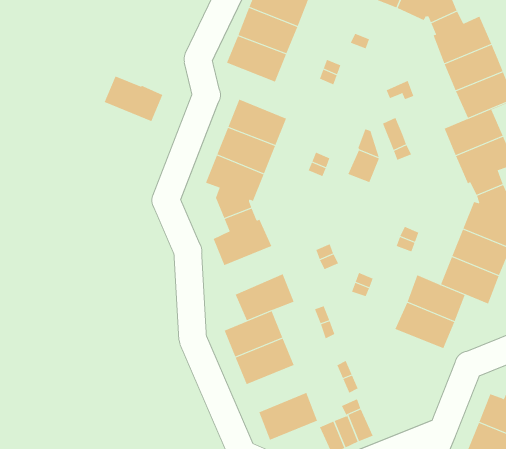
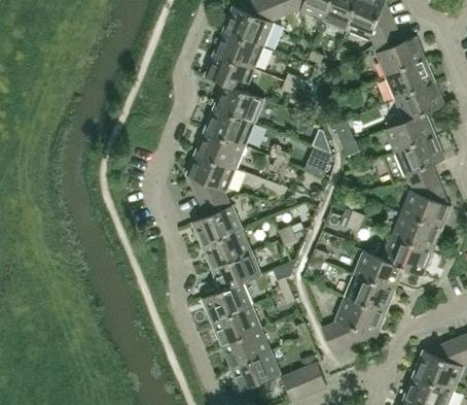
building: [91,66,163,122] -> [205,75,264,122]
building: none -> [203,228,252,268]
building: none -> [322,297,386,351]
building: none -> [221,327,272,366]

